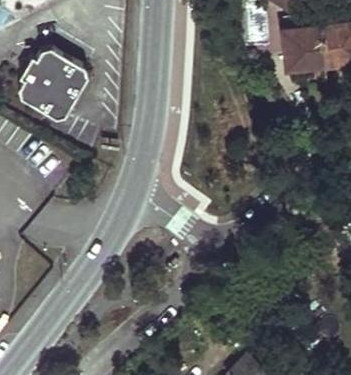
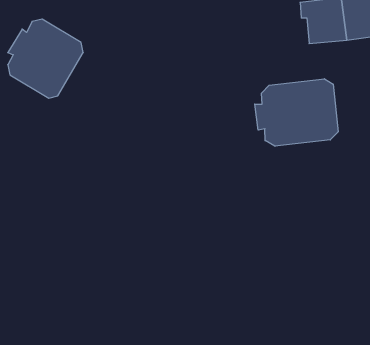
building: none -> [255,79,338,146]

